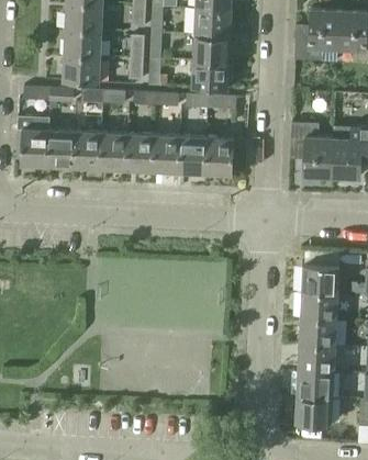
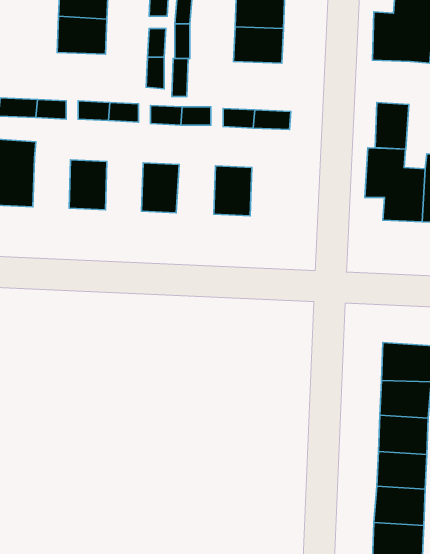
building: [63,54,100,82] -> none
building: [192,60,228,89] -> none
building: none -> [375,103,409,149]
building: [47,131,75,167] -> none
building: [100,133,127,169] -> none
building: [152,135,180,171] -> none
building: [205,137,233,175] -> none

